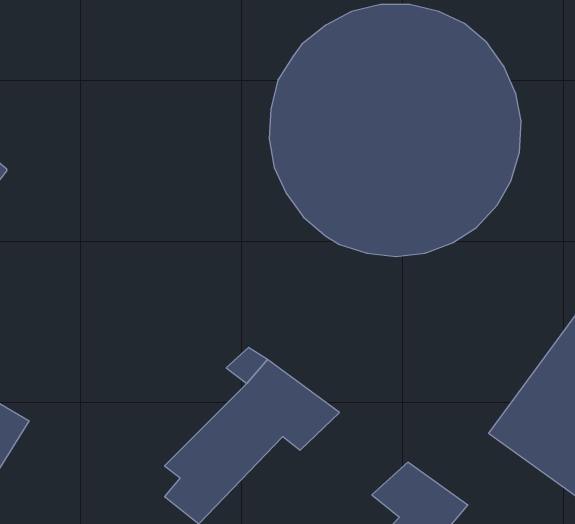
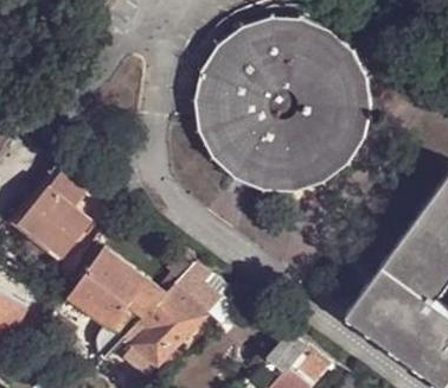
building: none -> [19,170,113,257]
building: none -> [69,249,169,354]

